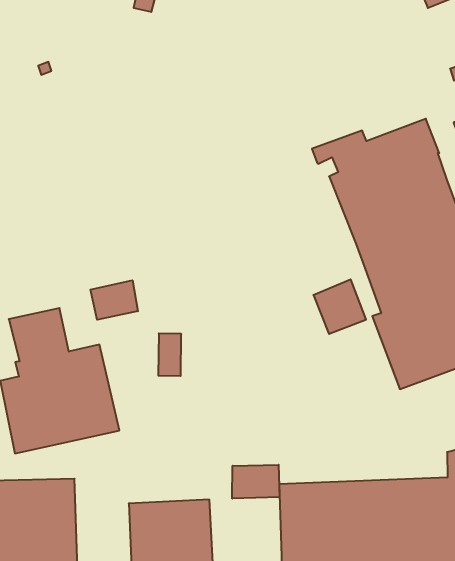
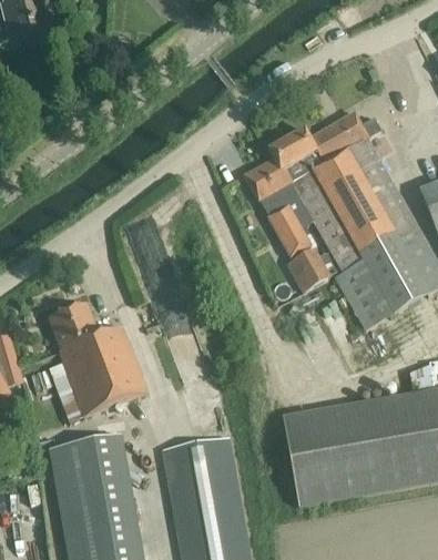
building: none -> [245,152,324,255]
building: [90,280,138,320] -> none
building: [232,465,280,499] -> none

